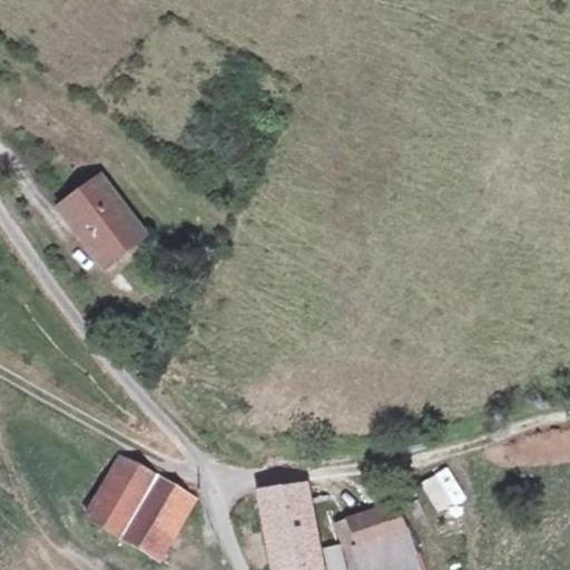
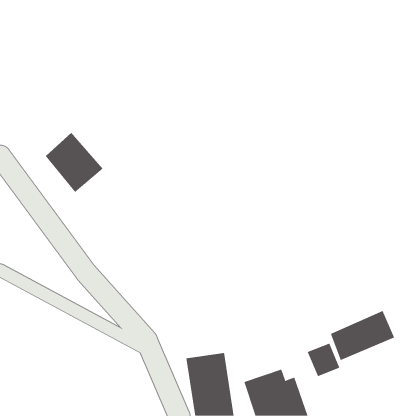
building: none -> [330,310,395,361]
building: [95,460,195,558] -> none

